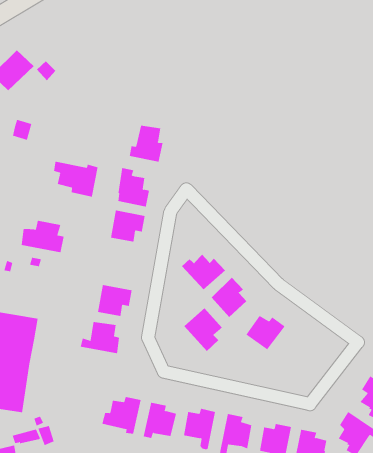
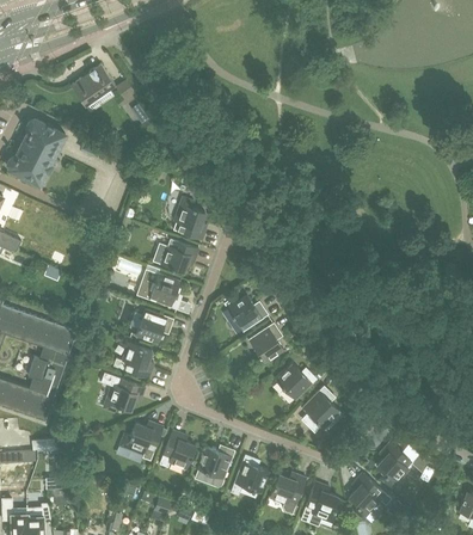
building: [129,125,163,163] -> none
building: [53,161,98,197] -> none
building: [21,220,65,253] -> [137,273,182,309]
building: [184,308,223,352] -> none
building: none -> [302,386,343,430]
building: none -> [103,373,145,412]

